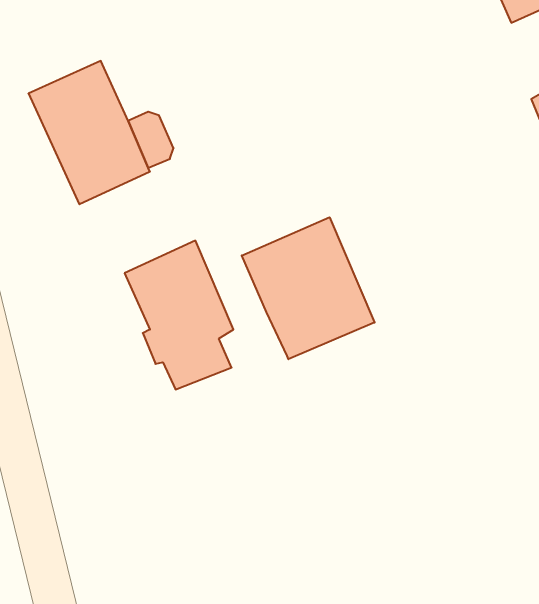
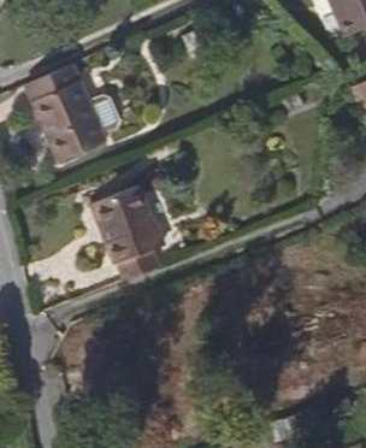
building: [242,217,375,359] -> none

